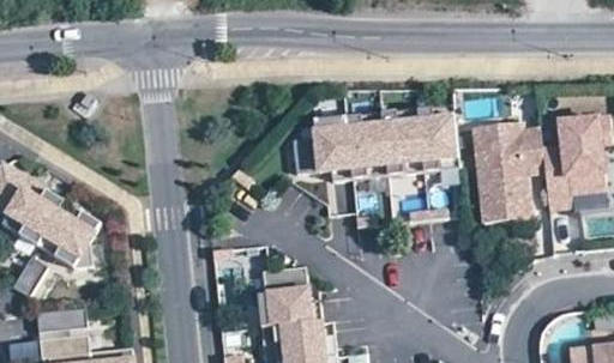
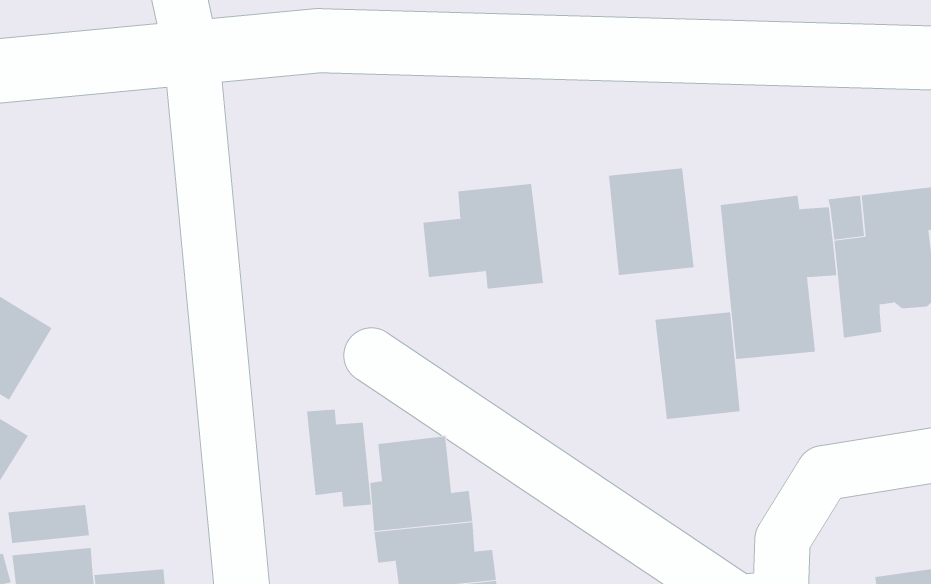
building: [357,109,410,175] -> [654,312,740,419]
building: [37,202,100,270] -> none
building: none -> [307,409,371,507]

